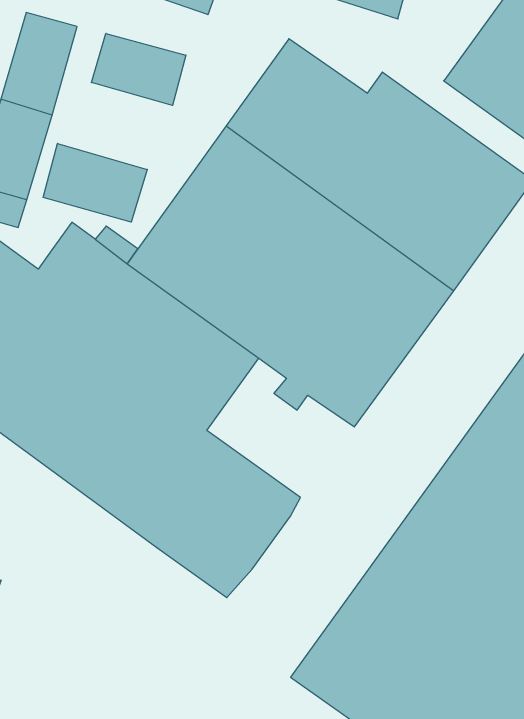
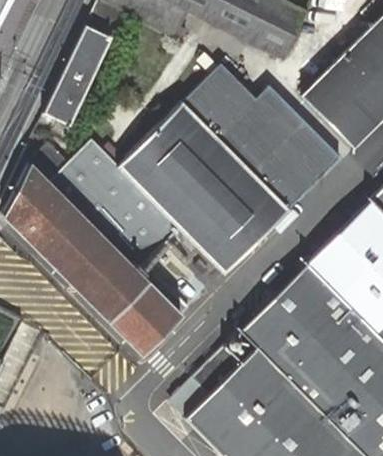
building: [91,33,186,105] -> none
building: [43,143,147,222] -> none

